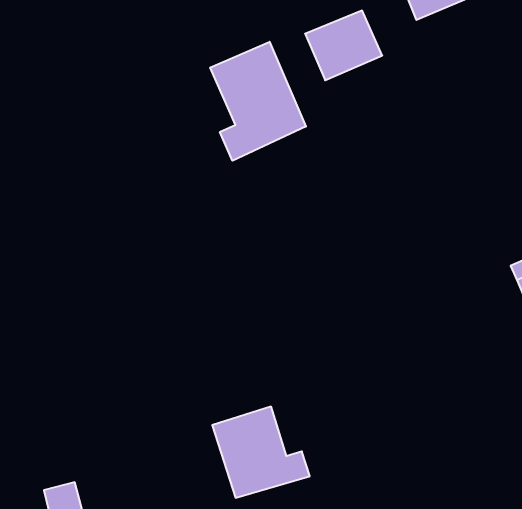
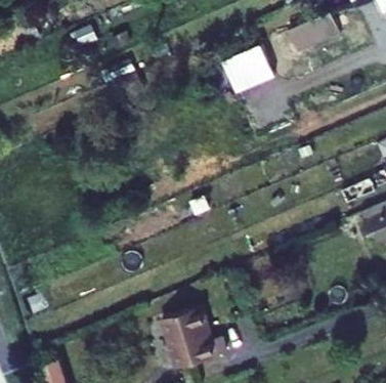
building: [210,42,306,161] -> none

